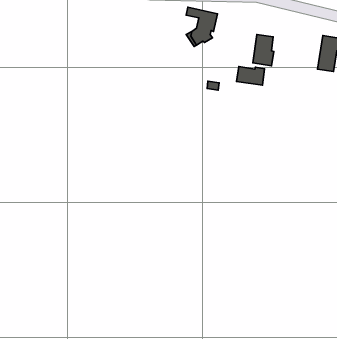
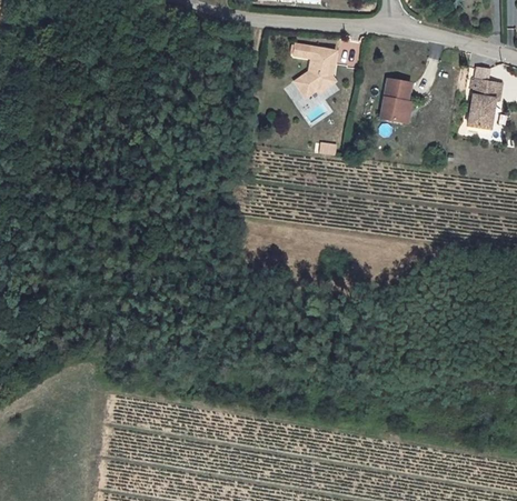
building: [236,67,265,85] -> none

